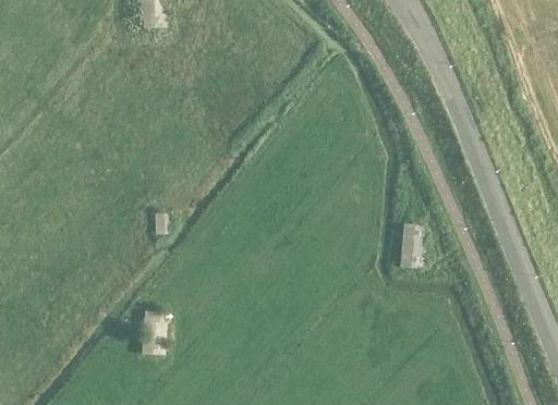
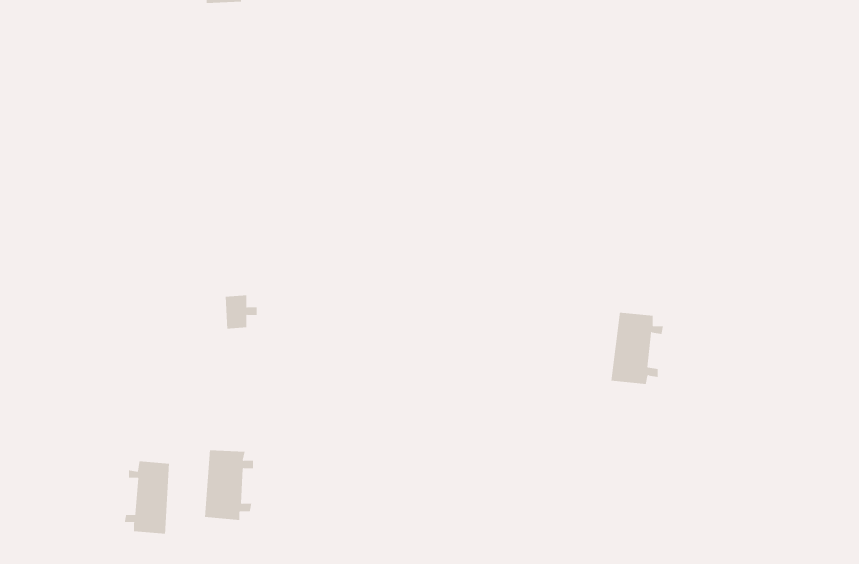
building: none -> [124,461,170,534]

